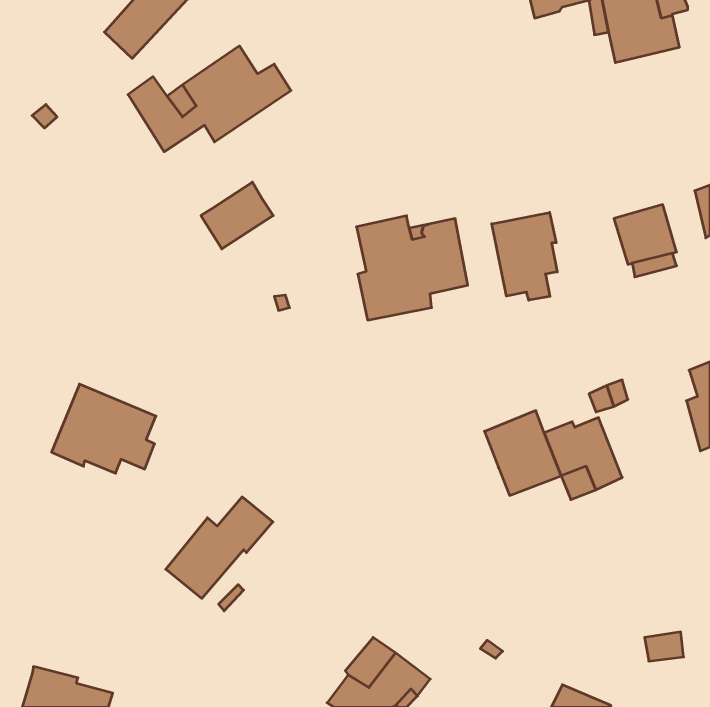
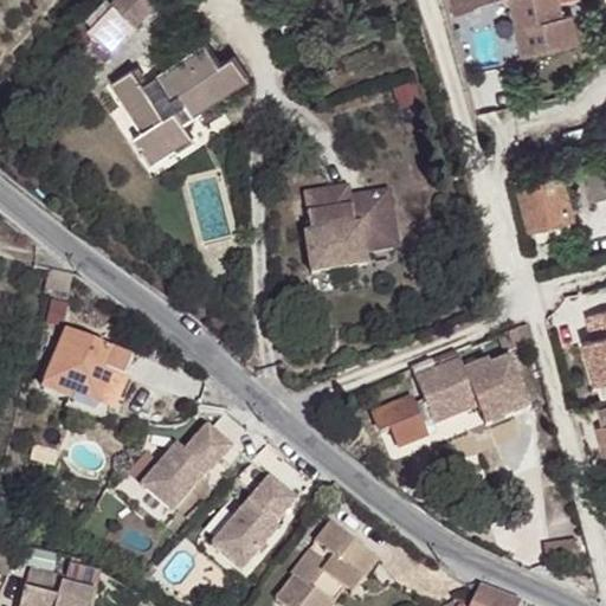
building: [201,182,273,249] -> [130,107,192,163]
building: [492,212,557,300] -> none
building: none -> [372,397,433,443]
building: none -> [212,475,295,567]
building: none -> [317,520,382,578]

